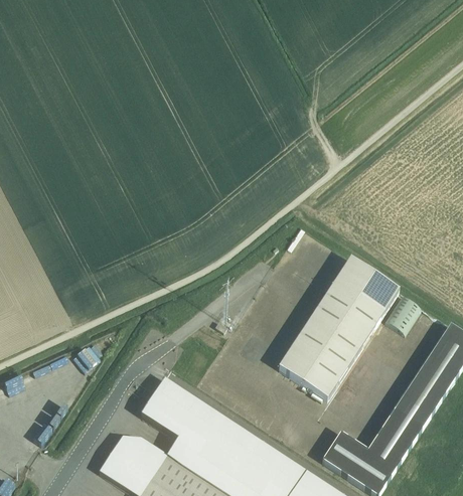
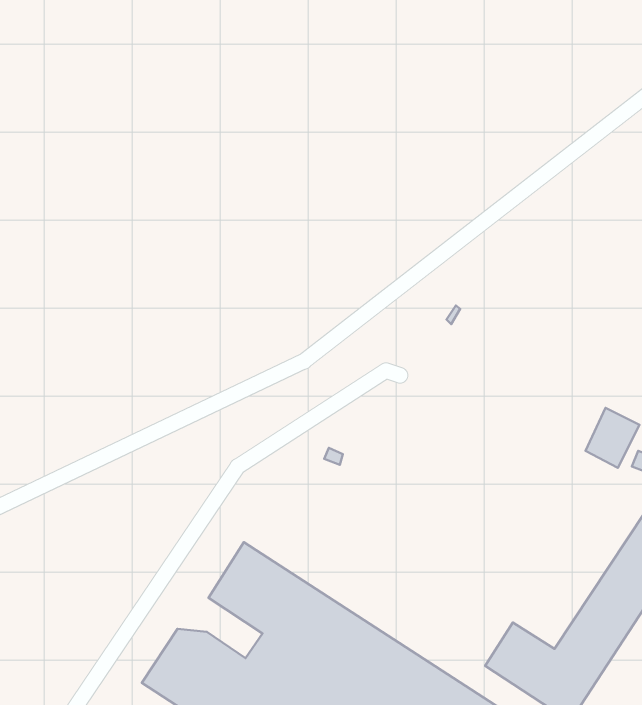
building: [279,258,399,398] -> none

